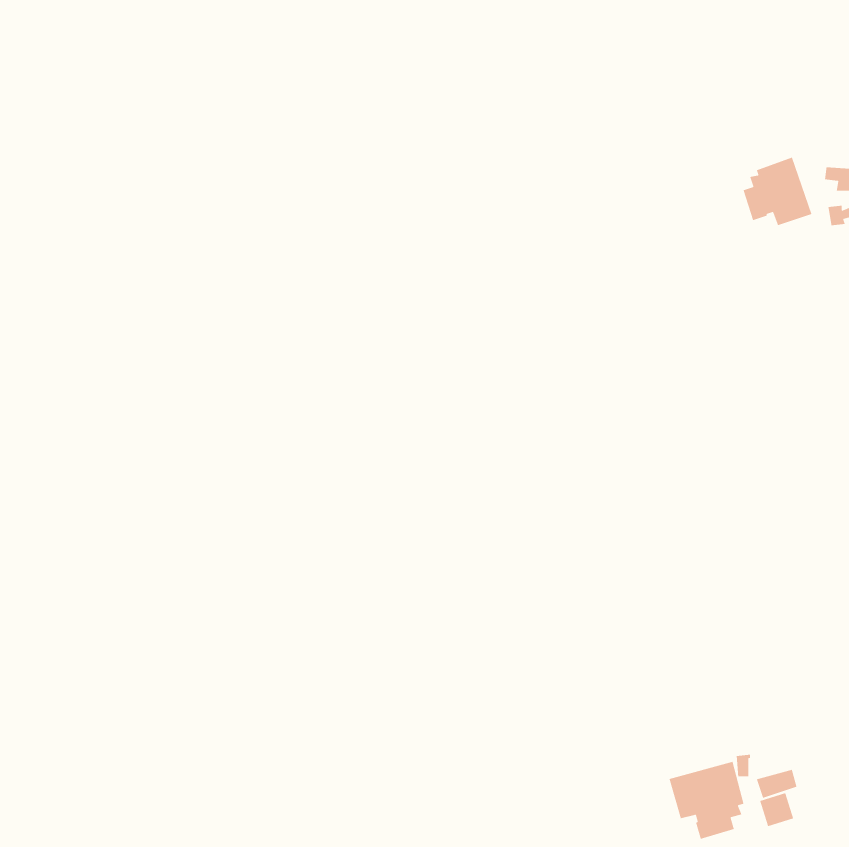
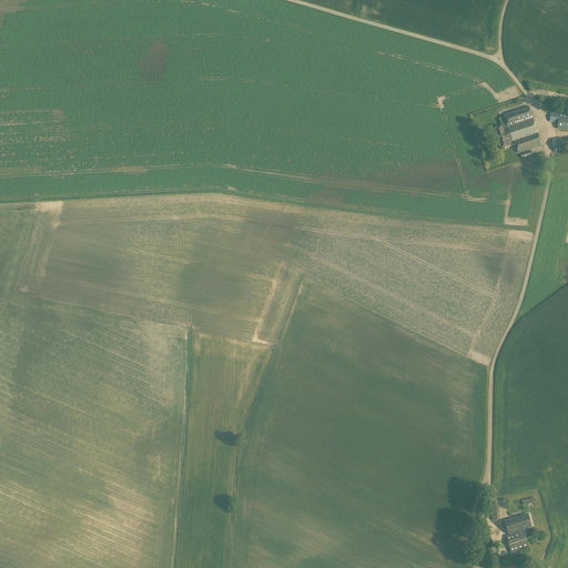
building: [669,761,744,840] -> none

